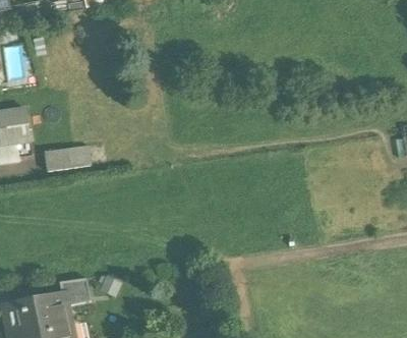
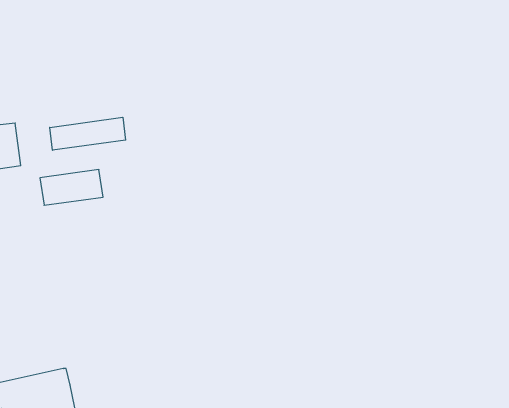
building: none -> [50,117,126,150]
building: [58,278,90,305] -> none

